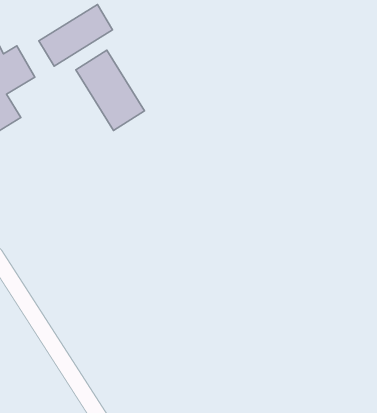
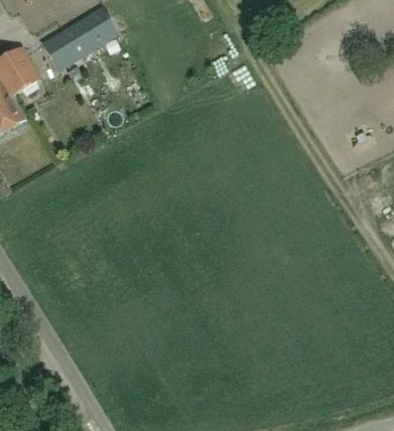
building: [76,50,144,131] -> none

